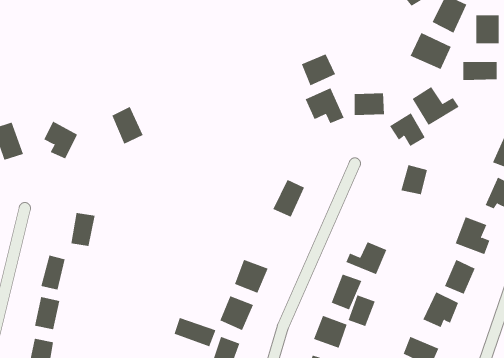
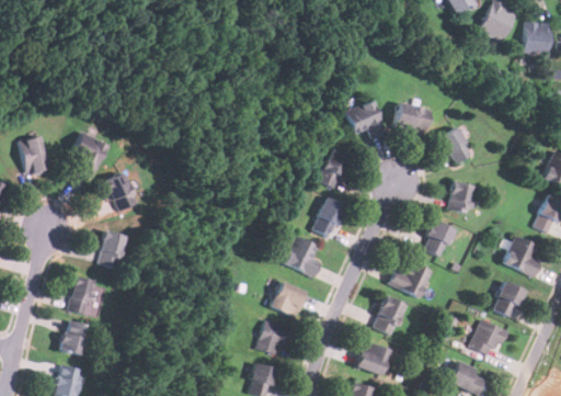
building: [410,32,451,70] -> none
building: [301,53,336,86] -> none
building: [463,61,497,81] -> none
building: [412,86,459,126] -> none
building: [111,106,144,145] -> [104,172,138,213]
building: none -> [319,148,351,188]
building: none -> [423,219,456,257]
building: none -> [284,236,323,279]
building: [348,294,376,327] -> none
building: [174,317,216,347] -> none

